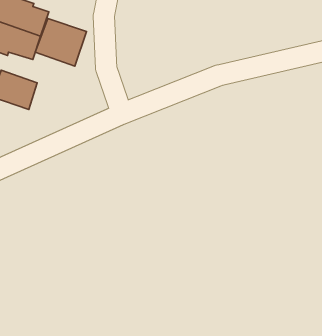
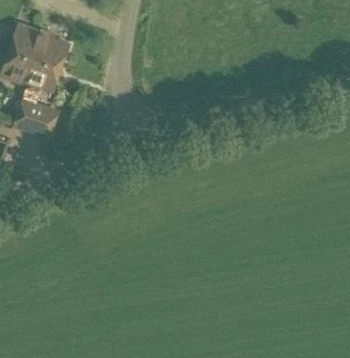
building: [35,18,86,66] -> none

